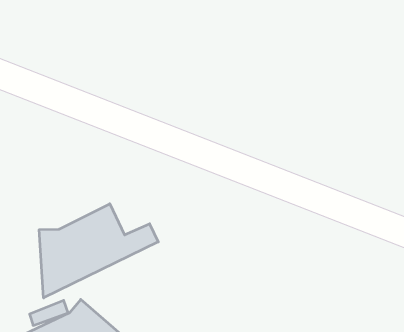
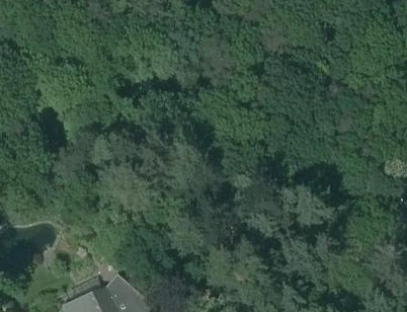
building: [39,204,158,298] -> none

